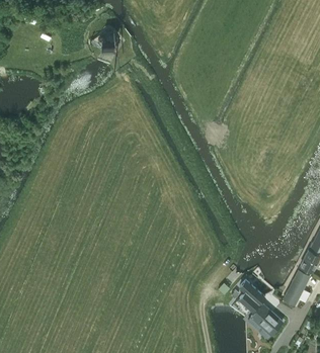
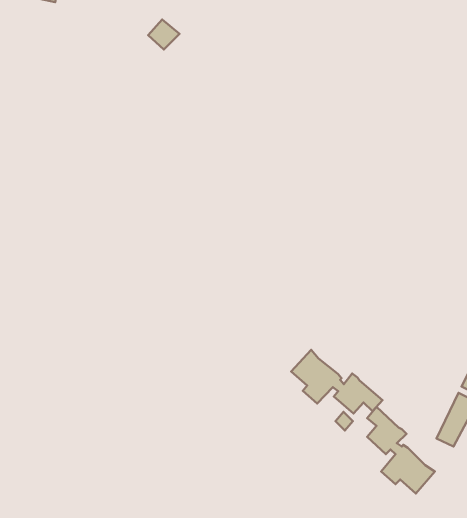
building: none -> [291,350,382,413]

